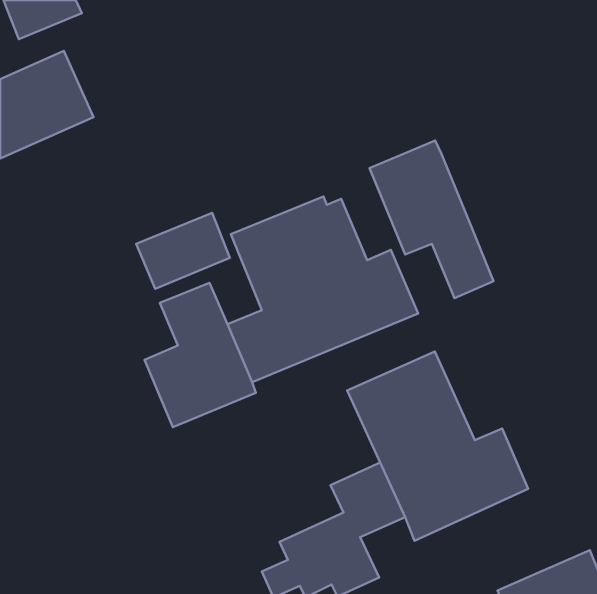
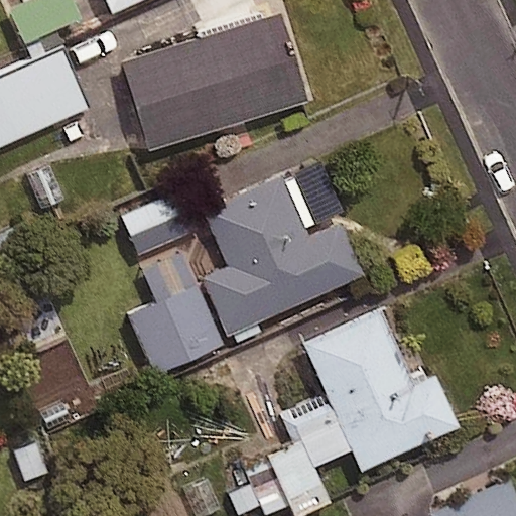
building: none -> [124,15,306,149]
building: [369,140,494,298] -> none

